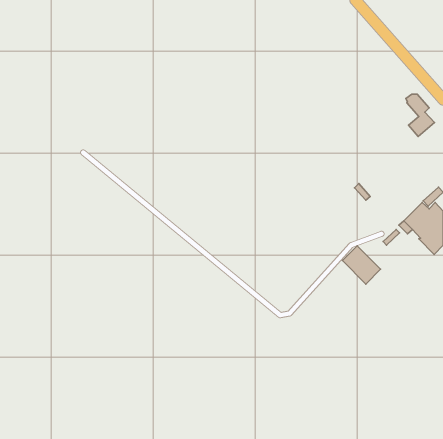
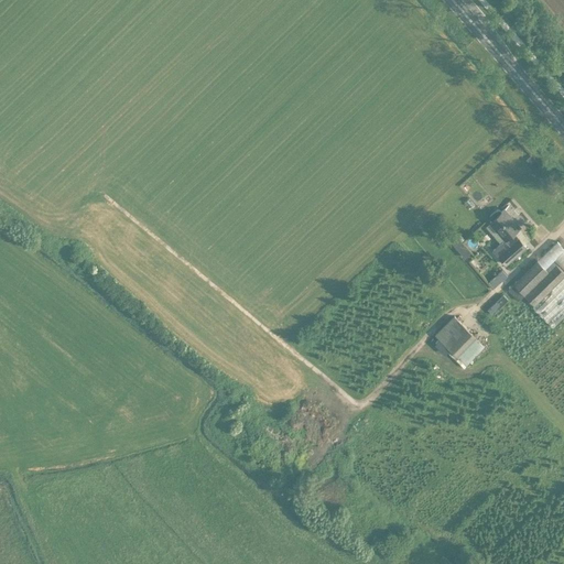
building: [406,94,434,136] -> [489,212,525,265]

